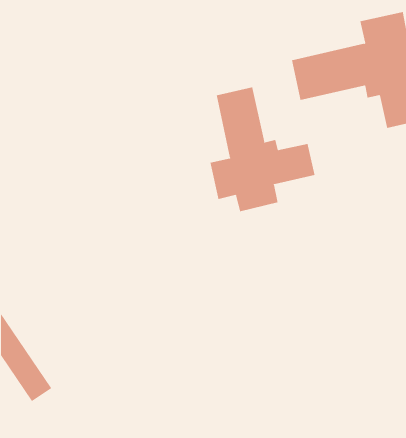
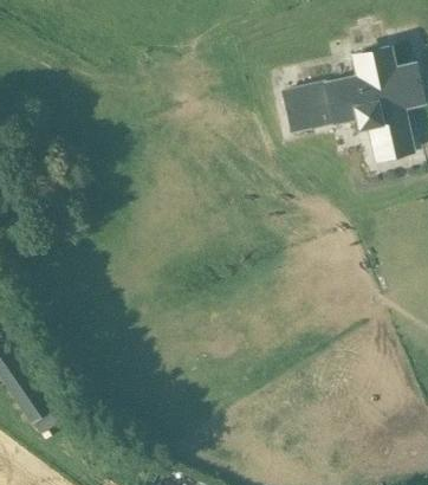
building: [210,86,315,212] -> none

